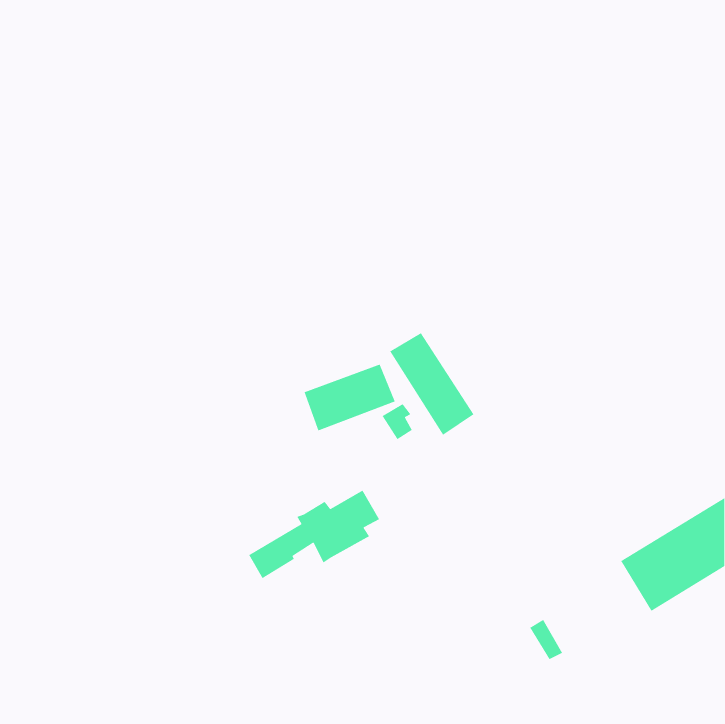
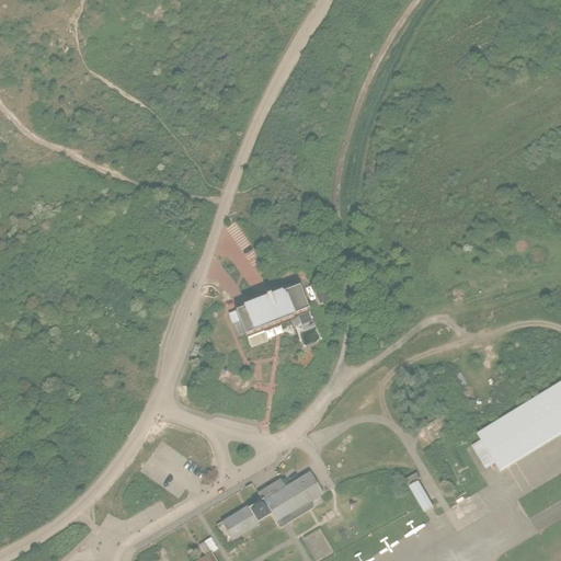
building: [389,332,475,436] -> none
building: [248,490,380,579] -> [221,469,323,538]

